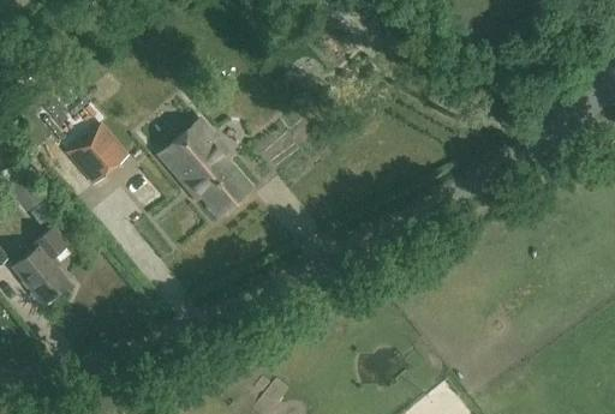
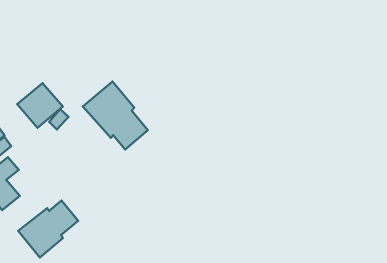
building: none -> [18,200,78,257]

